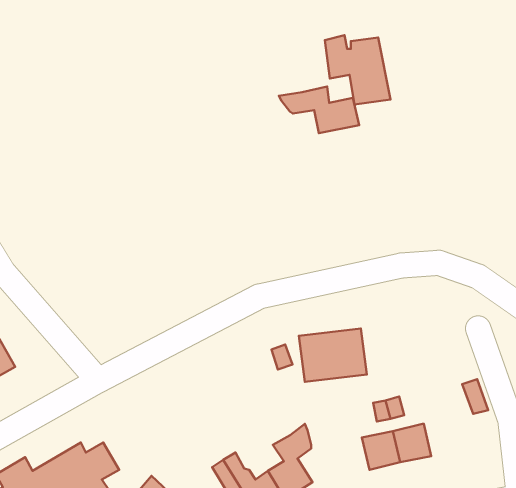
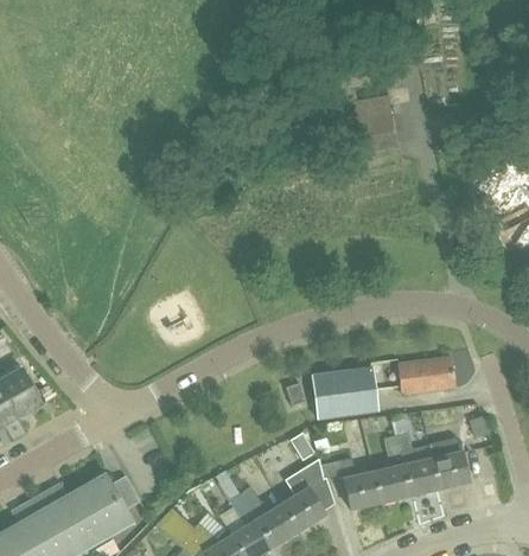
building: [279,87,359,133] -> none
building: none -> [397,357,454,395]
building: none -> [427,437,469,490]
building: none -> [320,458,380,510]

